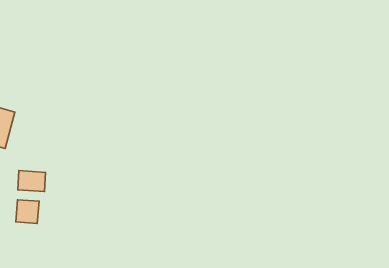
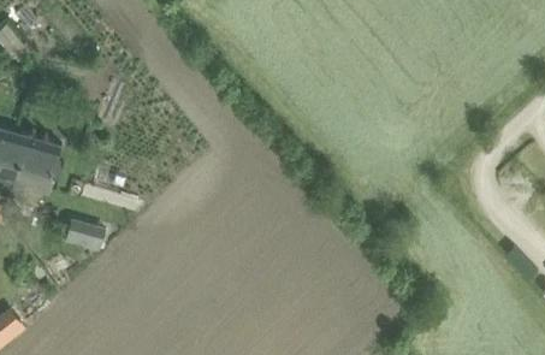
building: [16,200,39,223] -> none

